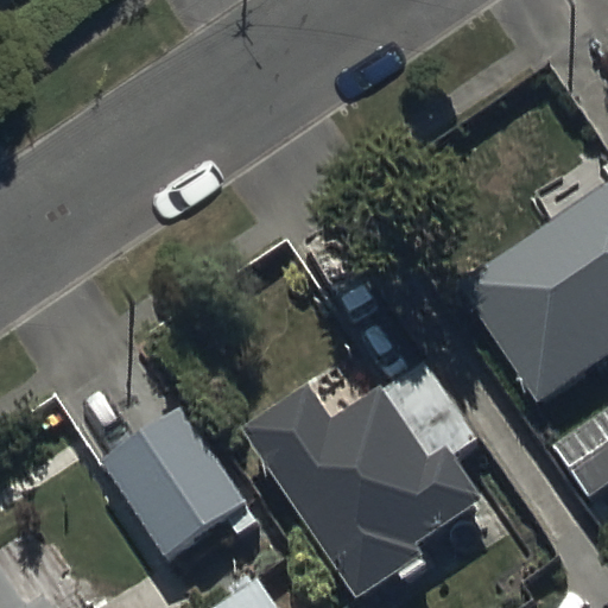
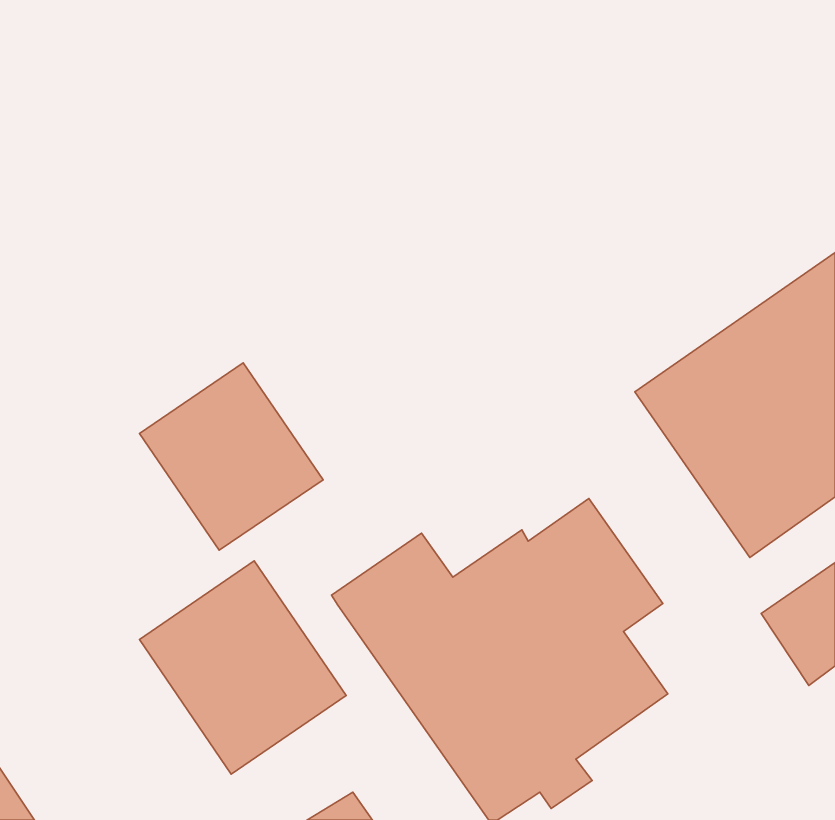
building: none -> [139,363,323,550]

